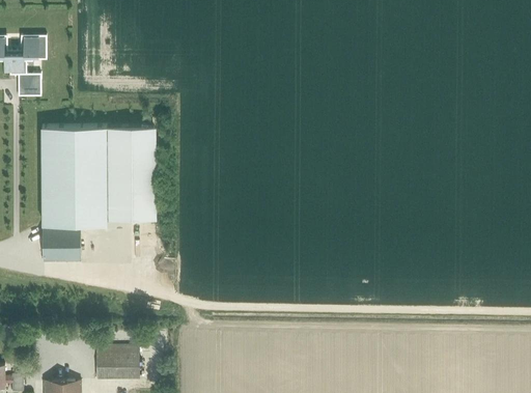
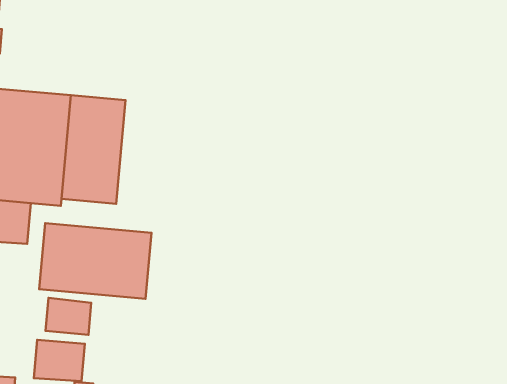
building: none -> [39,223,151,299]
building: none -> [46,298,91,335]

